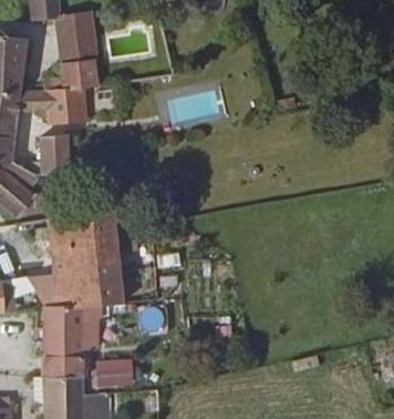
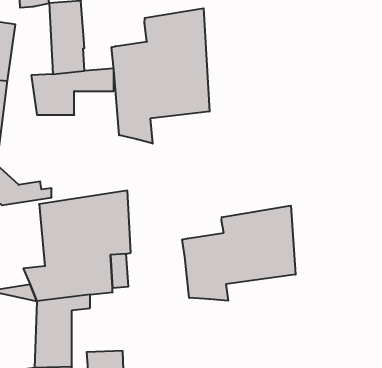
building: none -> [112,8,209,144]
building: [31,140,70,178] -> none
building: none -> [182,206,296,301]

